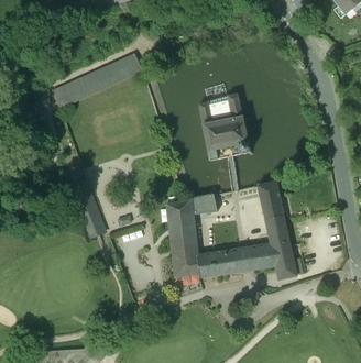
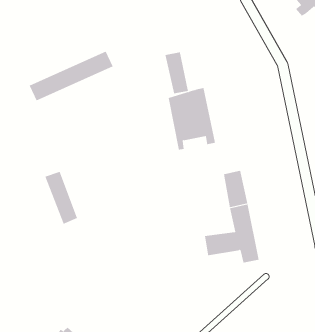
building: none -> [165,52,188,94]
building: [166,194,241,276] -> none

